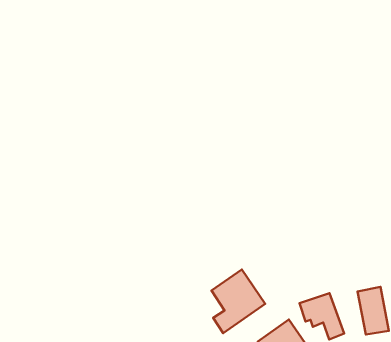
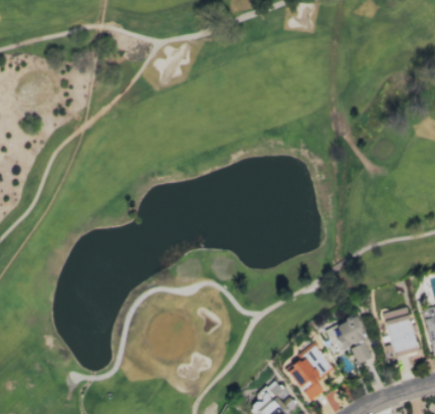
building: [212,269,265,333] -> none

